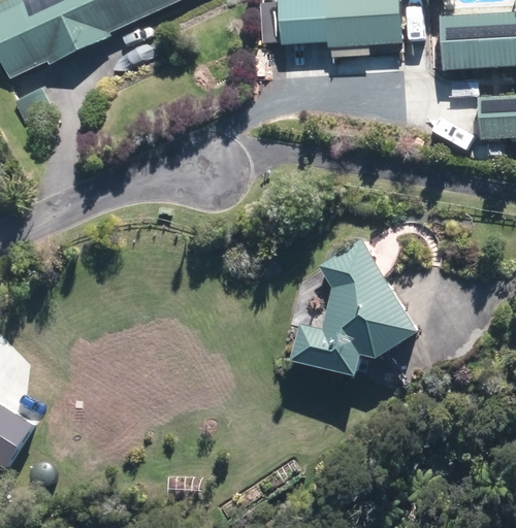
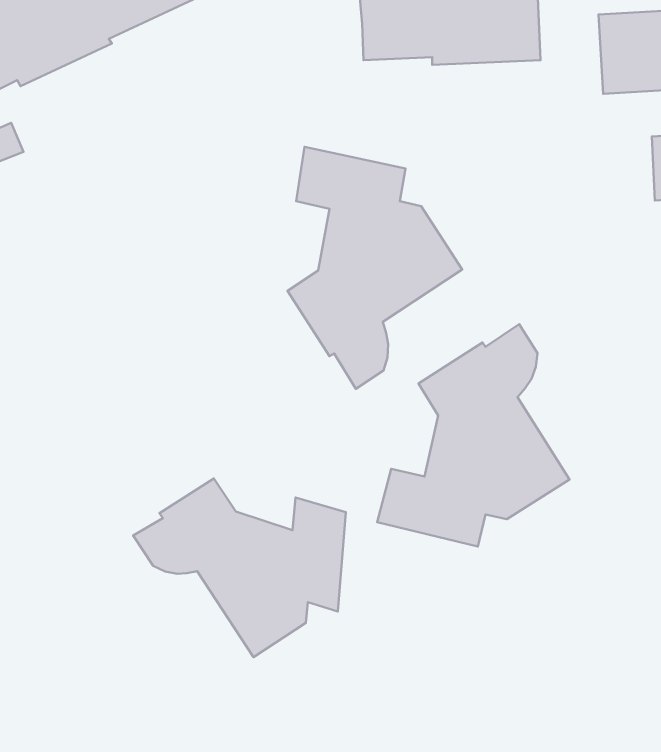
building: none -> [288,147,462,389]
building: none -> [133,478,346,657]

